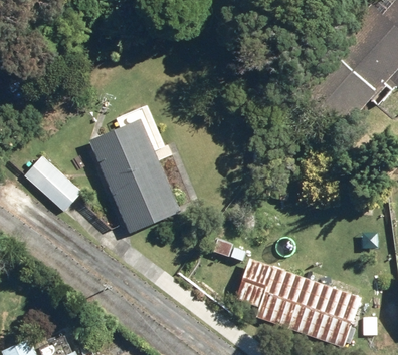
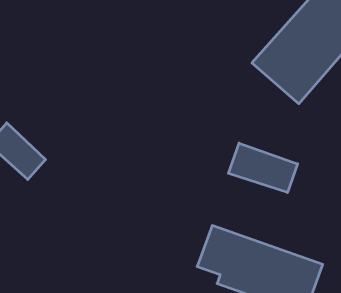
building: [87,105,180,233] -> none
building: none -> [228,143,298,193]

